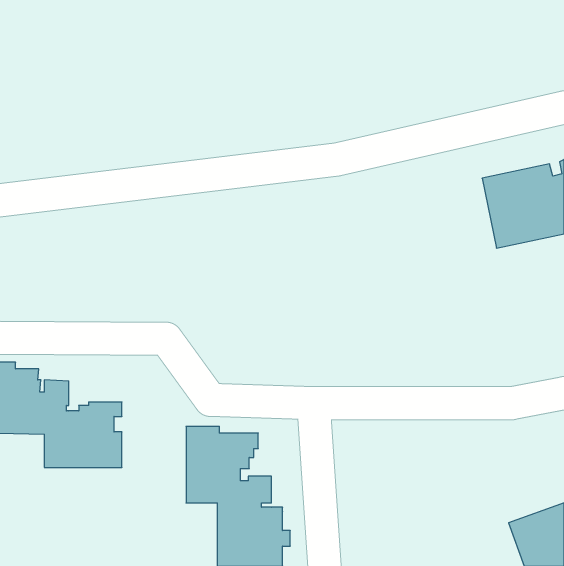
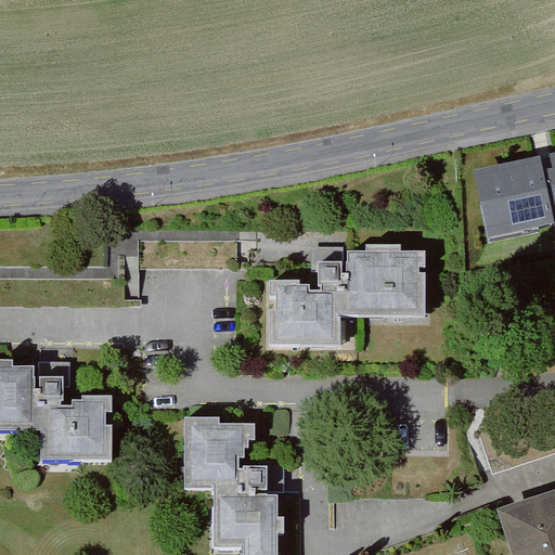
building: none -> [270,249,426,346]

